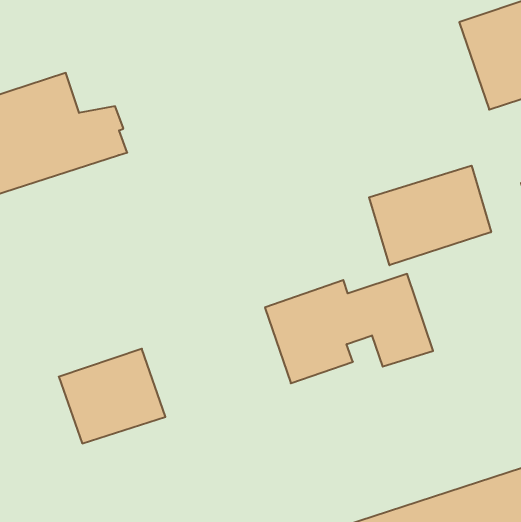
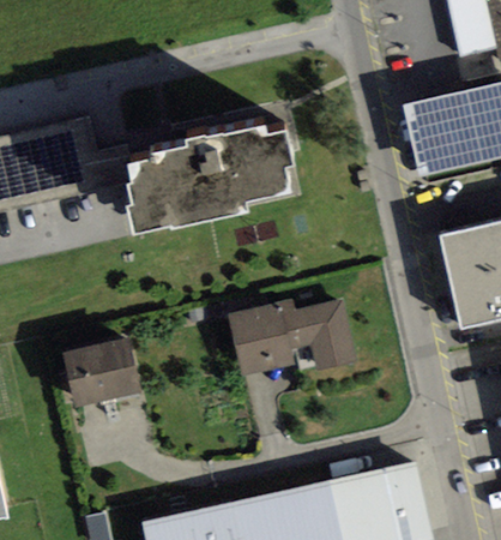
building: none -> [126,125,295,235]
building: [369,166,491,265] -> none

